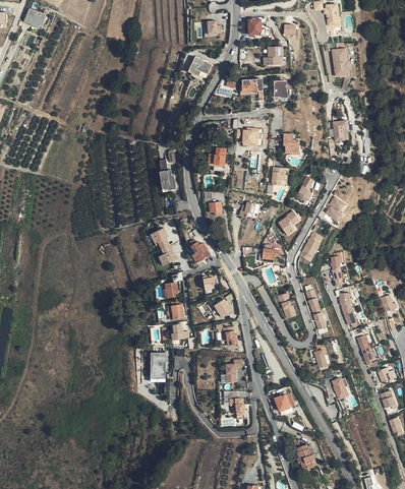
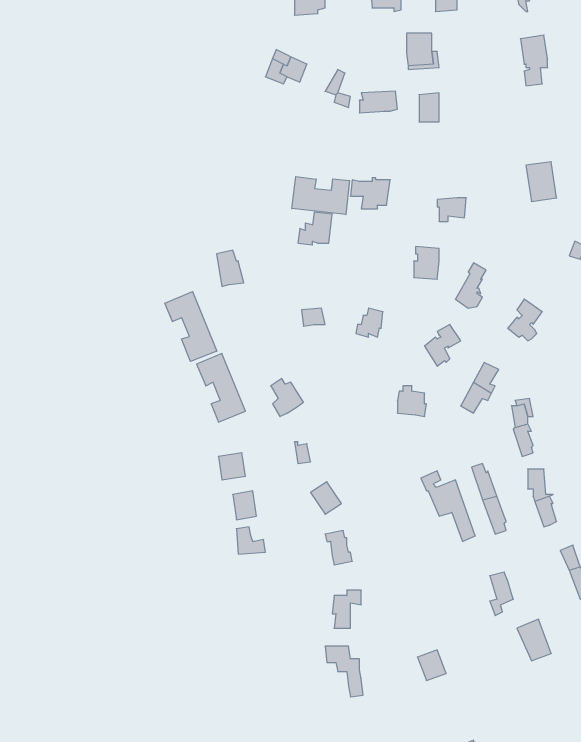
building: none -> [292,177,350,215]
building: none -> [165,292,217,361]
building: [151,352,166,378] -> none

